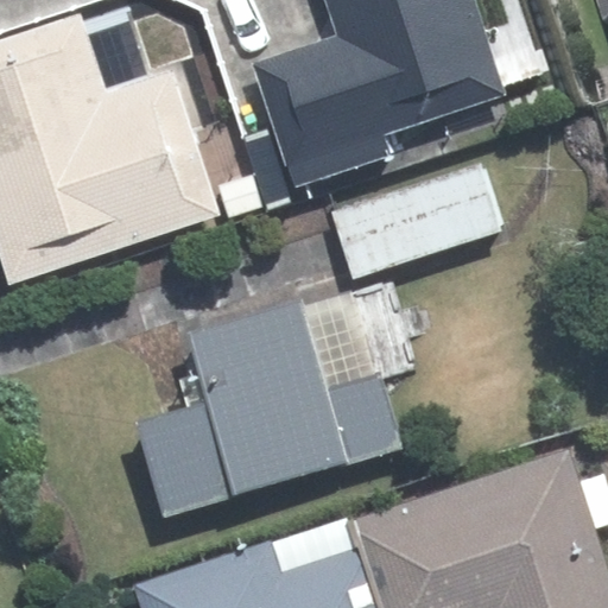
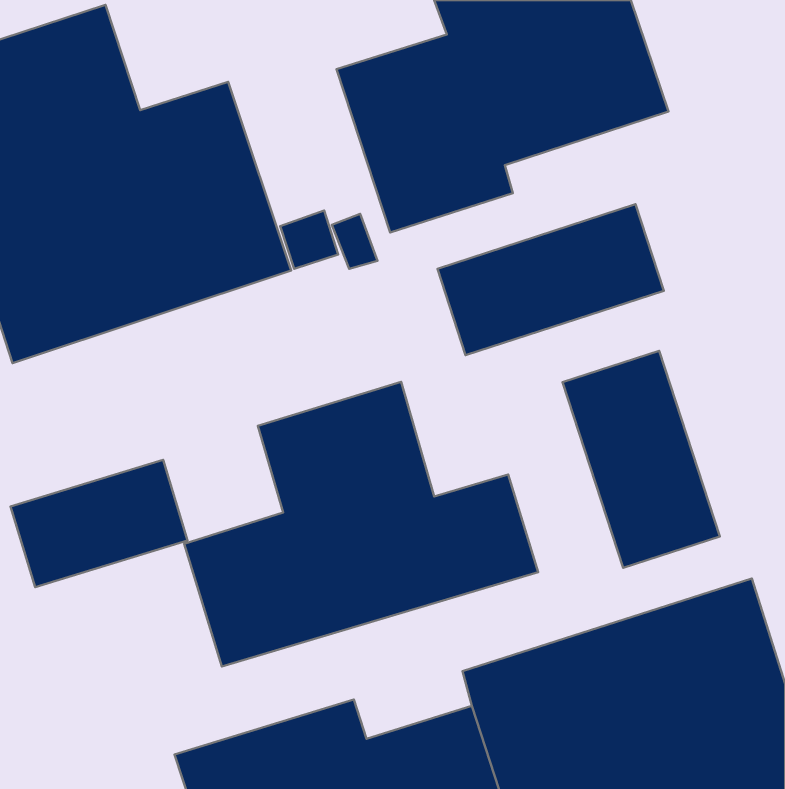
building: none -> [563,351,720,568]
building: none -> [11,460,188,587]

